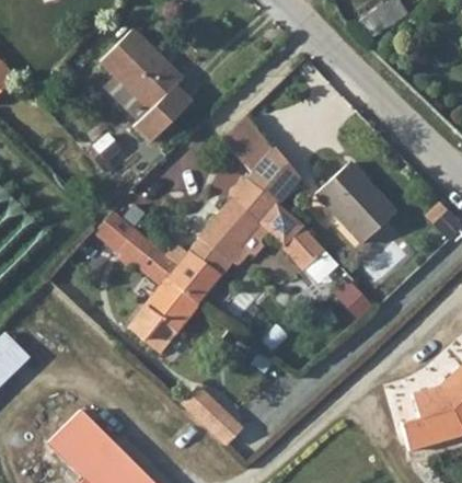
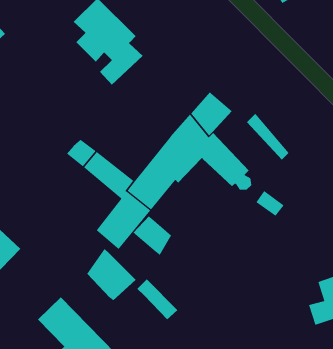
building: [219,119,273,177] -> none
building: [335,158,402,228] -> none
building: none -> [133,215,172,256]
building: none -> [87,248,137,301]

